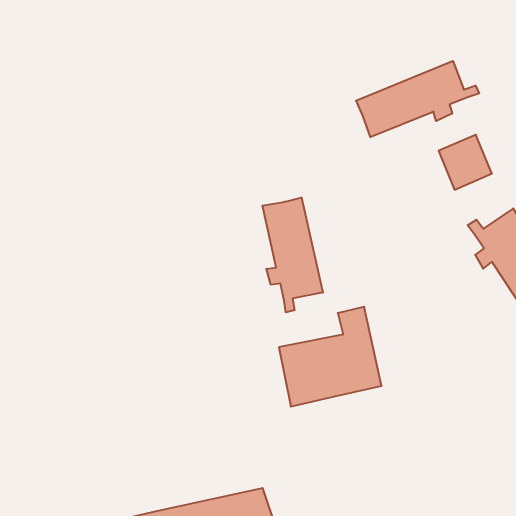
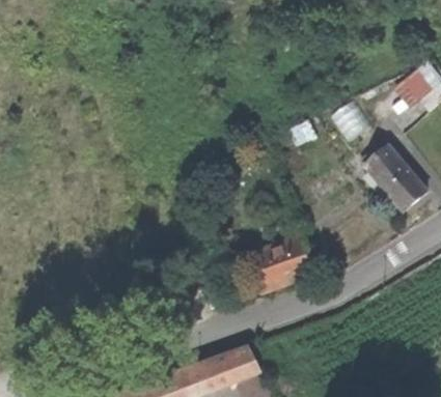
building: [356,61,479,137] -> none
building: [262,197,323,312] -> none

